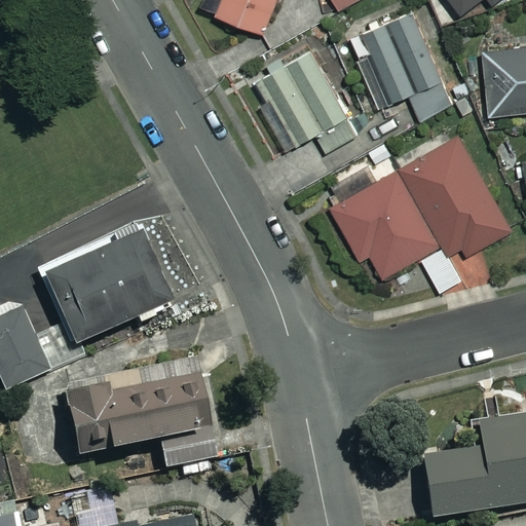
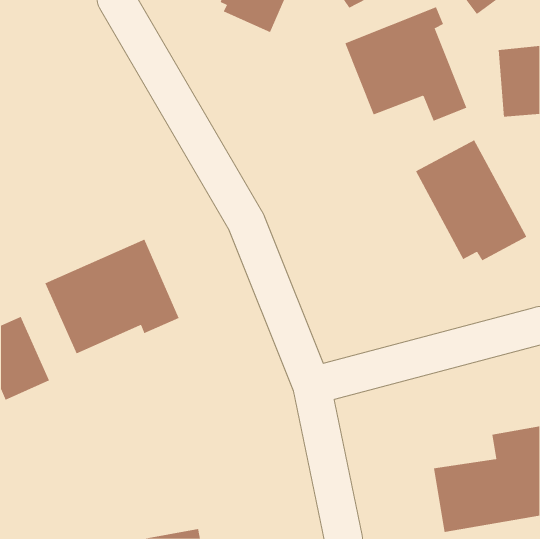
building: [259,48,360,151] -> none
building: [332,166,464,291] -> none
building: [65,373,217,467] -> none

